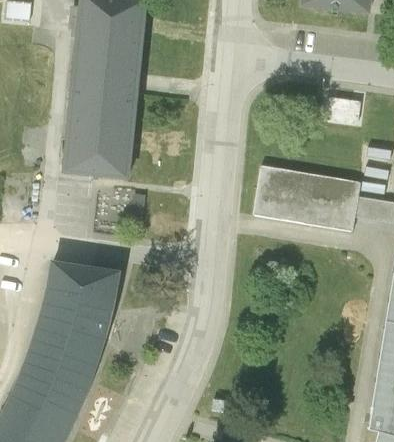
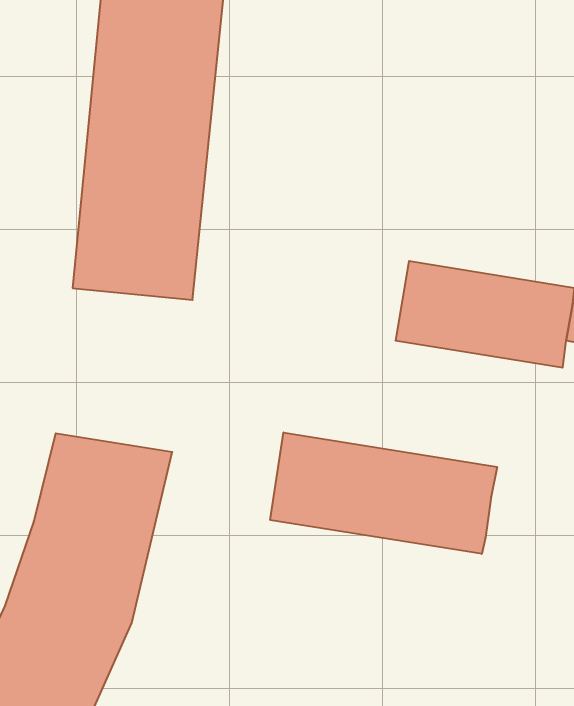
building: none -> [270,432,497,554]

